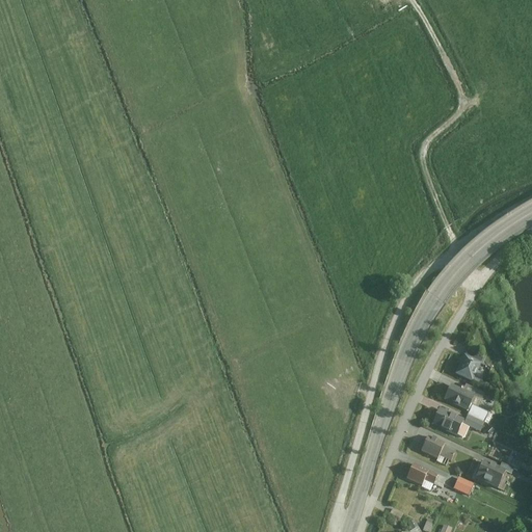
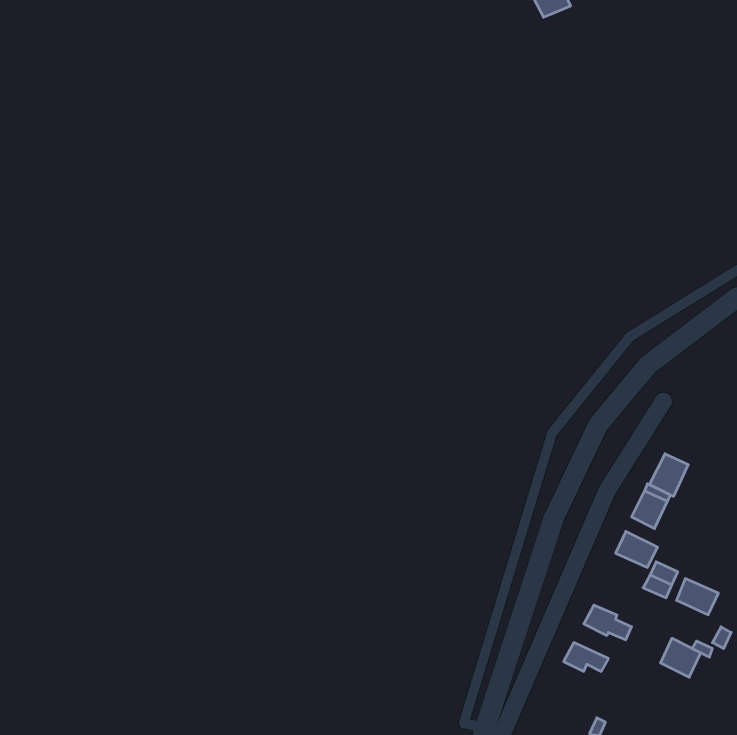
building: none -> [649,454,688,496]
building: [431,407,461,433] -> [676,579,718,615]

